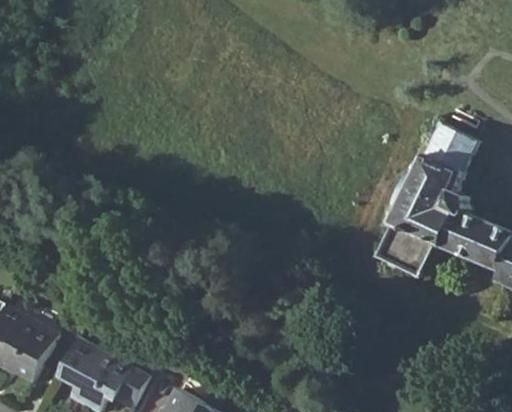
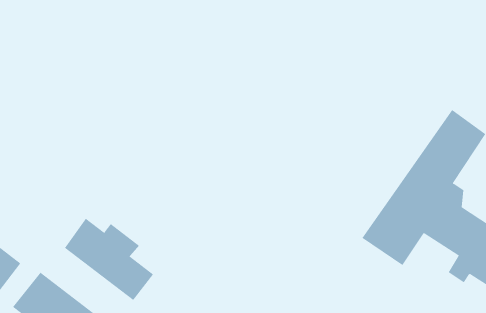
building: none -> [64,218,154,301]

